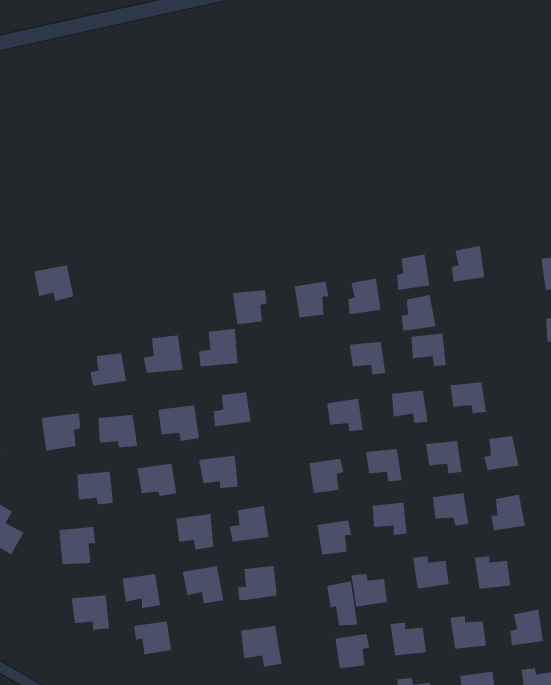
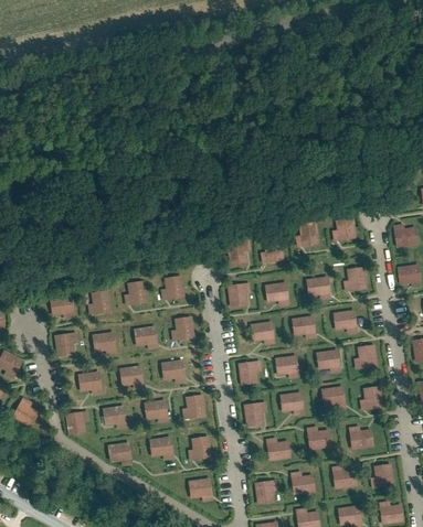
building: [34,264,74,302] -> [50,293,77,319]
building: [232,289,268,325] -> [225,284,250,309]
building: [401,294,437,332] -> [345,268,369,293]
building: [326,581,358,626] -> none
building: [71,595,110,630] -> [104,406,130,430]
building: [133,621,172,655] -> none

